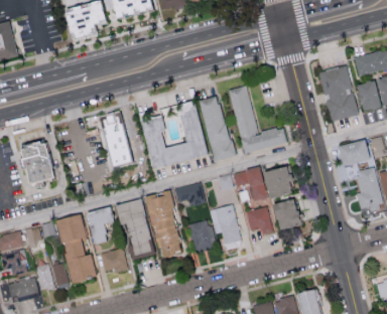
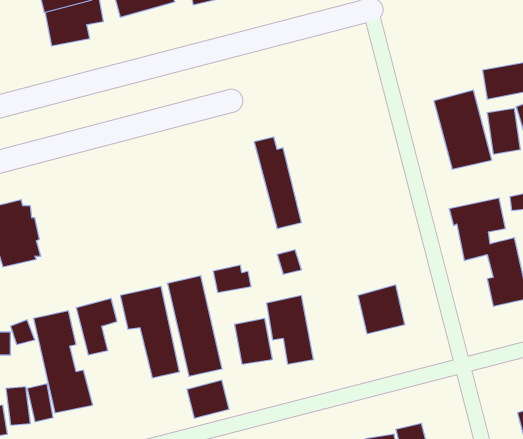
building: [230,90,288,155] -> none
building: [139,101,206,168] -> none
building: [100,115,135,169] -> none
building: [234,166,290,201] -> none
building: [247,207,271,234] -> none
building: [100,248,128,273] -> [187,380,229,418]

